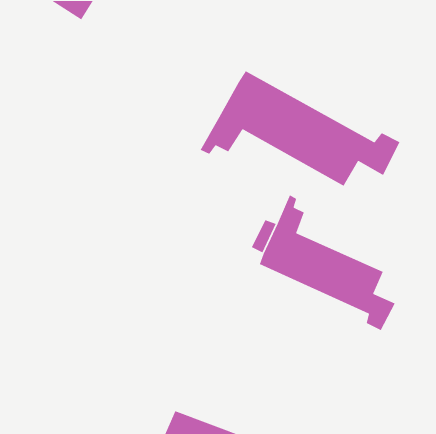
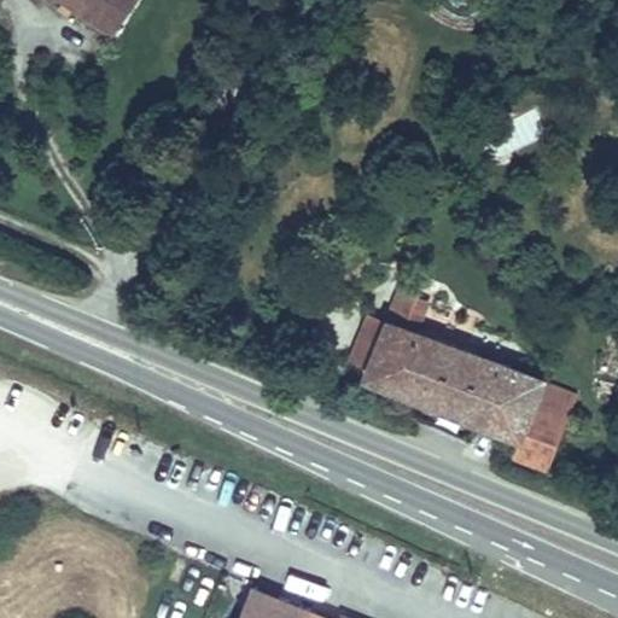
building: [200,70,400,187] -> none
building: none -> [527,387,571,432]

